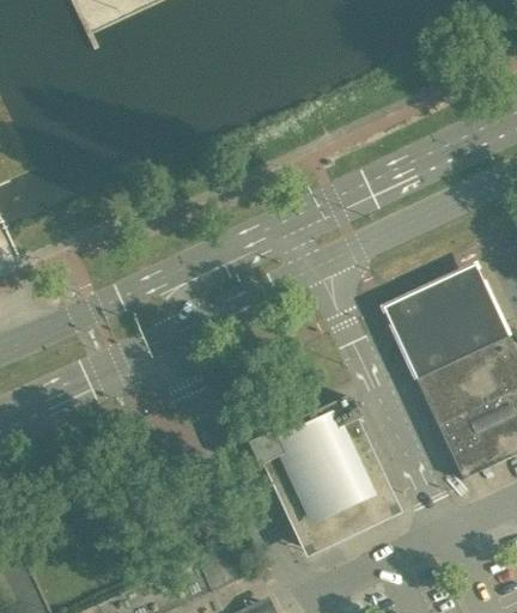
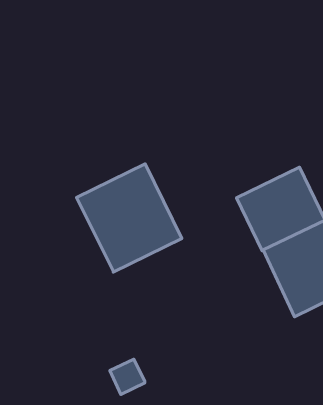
building: none -> [77,164,182,272]
building: [248,394,393,547] -> none

